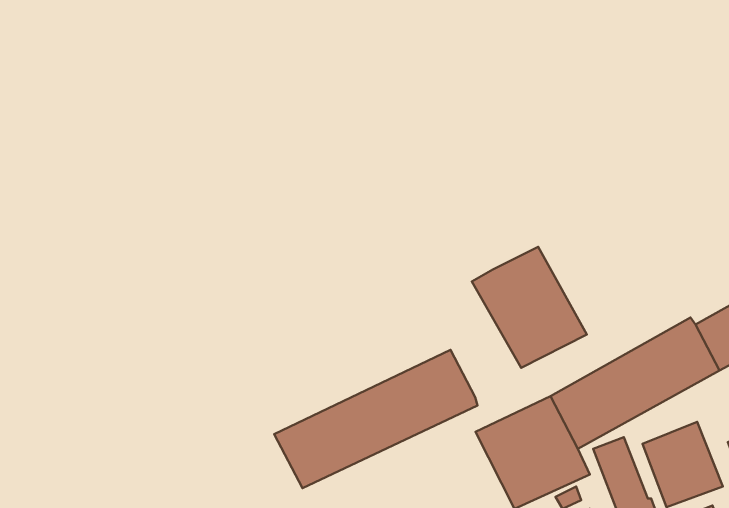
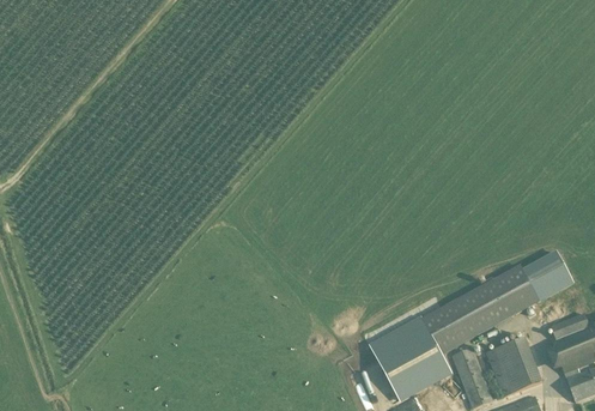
building: [472,247,587,368] -> none
building: [274,350,478,488] -> none

